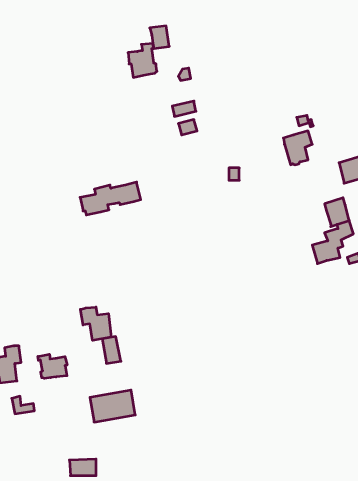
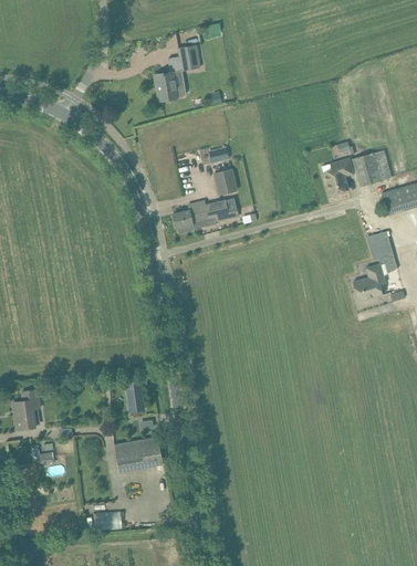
building: none -> [352,149,392,186]
building: none -> [212,167,238,196]
building: [80,182,141,215] -> [173,197,238,232]
building: [80,307,111,340] -> none
building: [38,354,67,378] -> none

